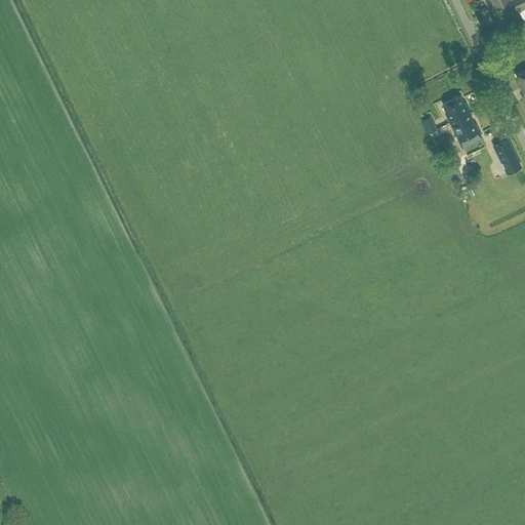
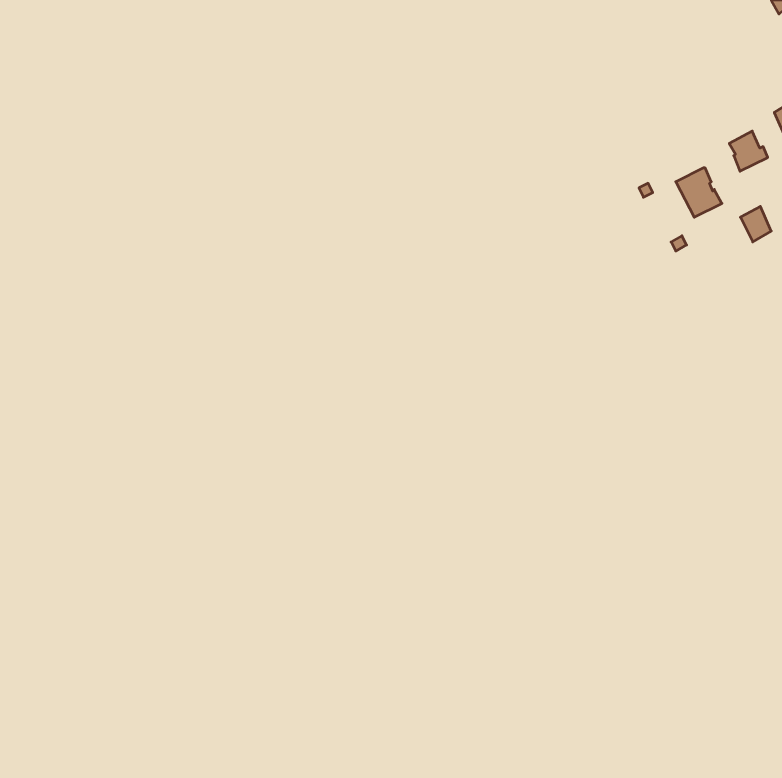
building: [446,100,472,127] -> [729,131,768,171]

